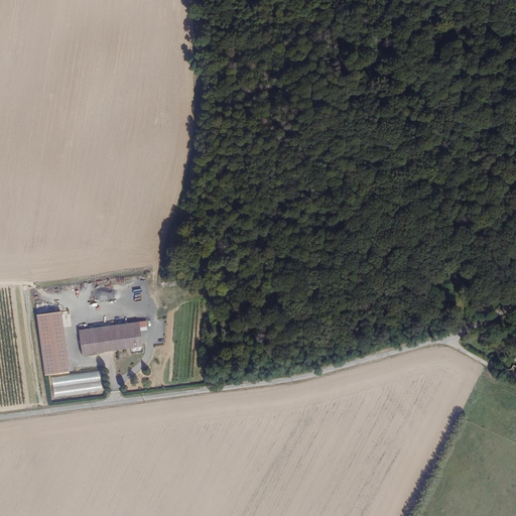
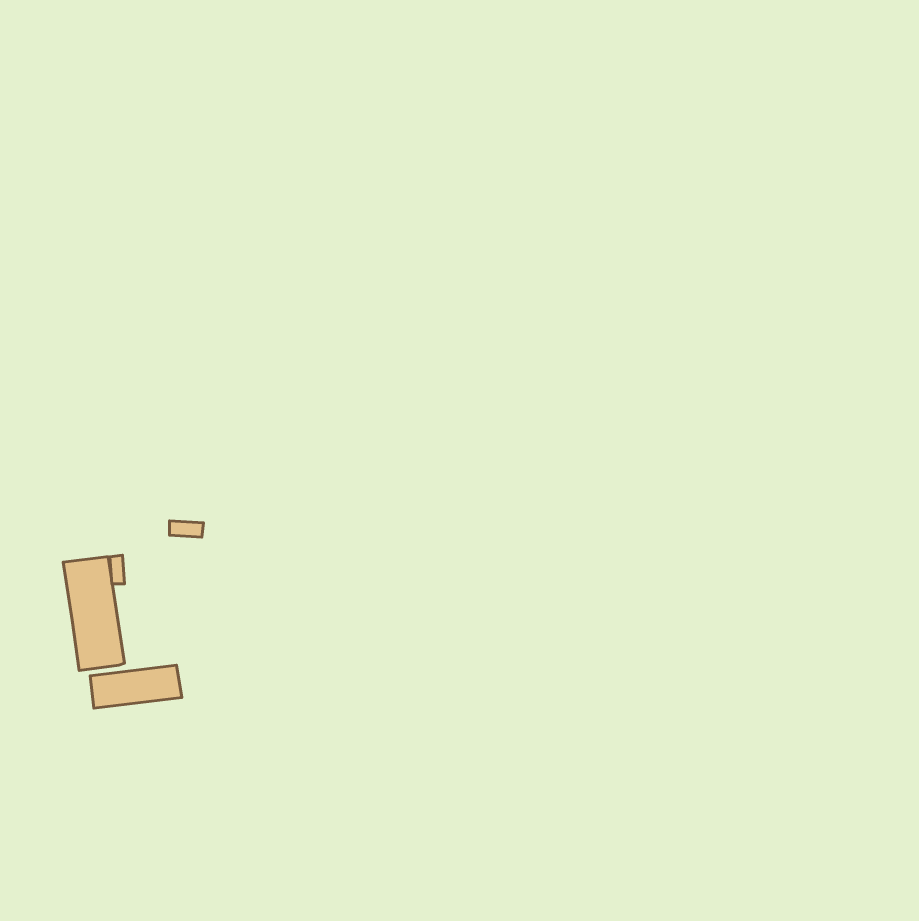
building: [78,322,141,355] -> none

